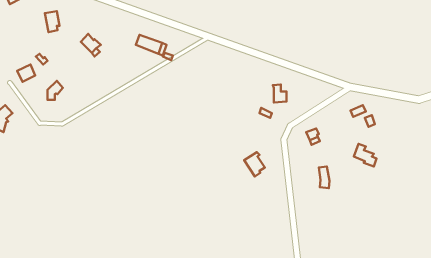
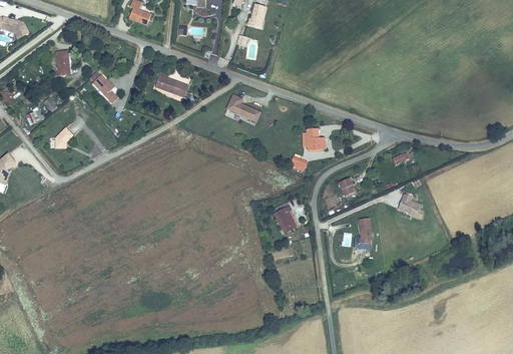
building: none -> [222,93,259,122]

